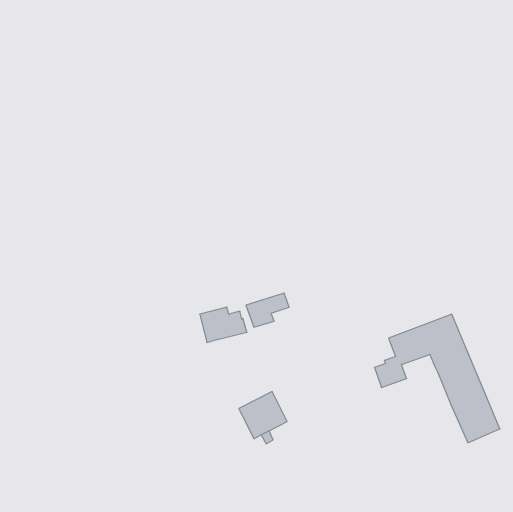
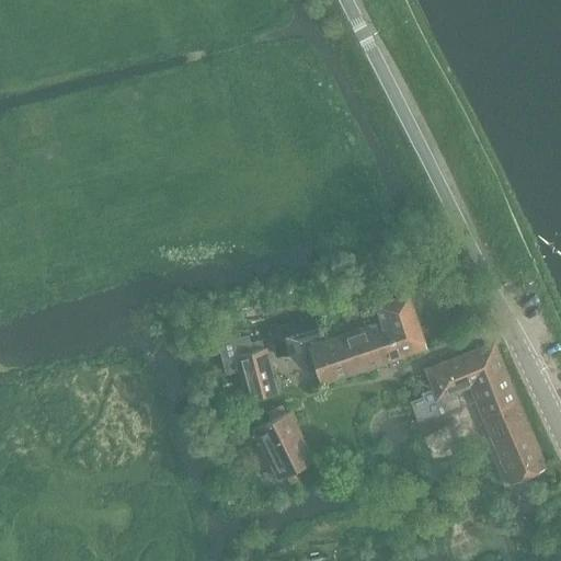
building: none -> [307,295,426,386]
building: none -> [239,364,277,401]
building: none -> [252,412,297,447]

